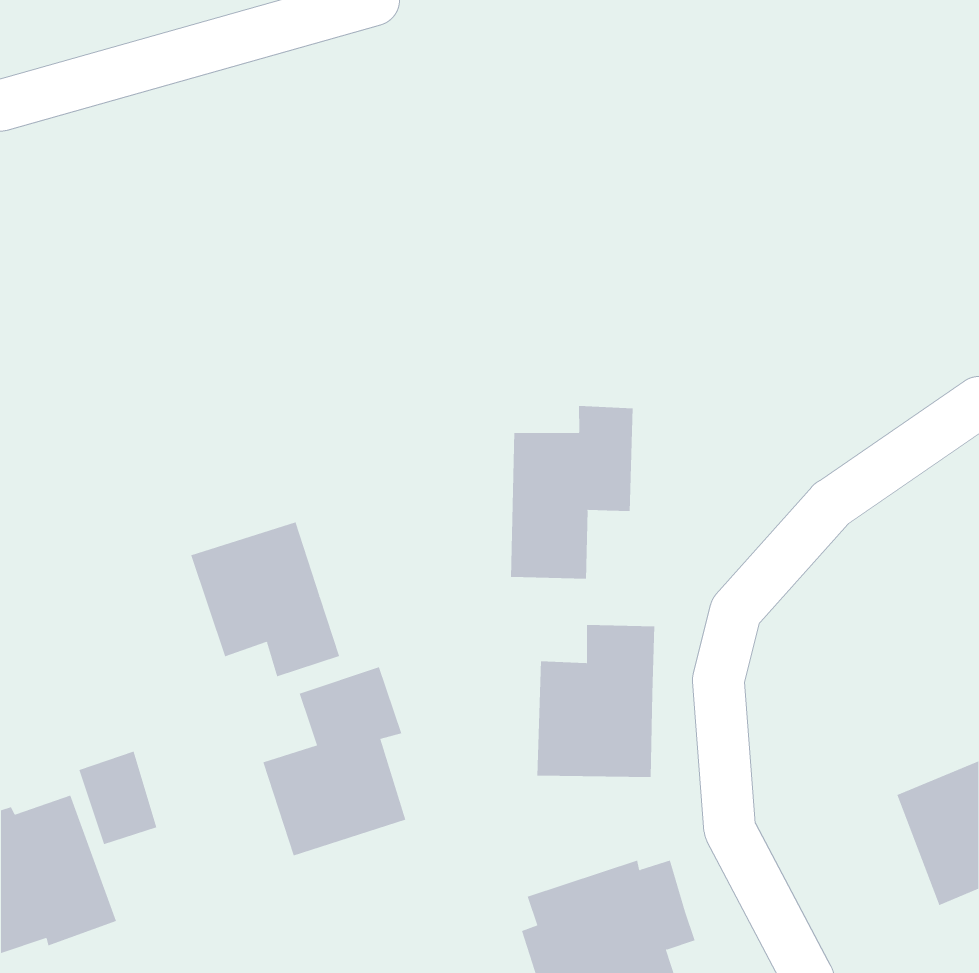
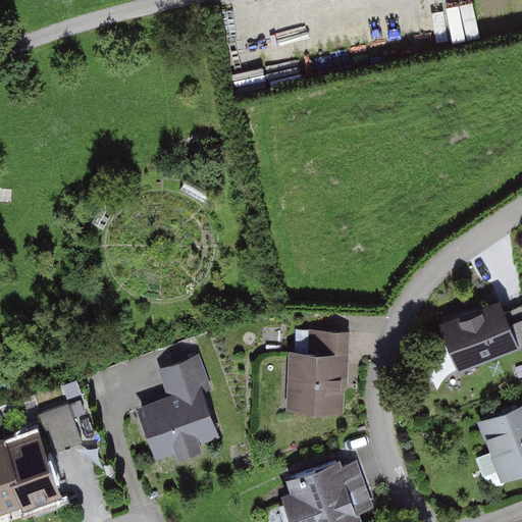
building: [511,405,633,580] -> none
building: [190,521,340,677] -> none
building: none -> [441,298,516,371]

